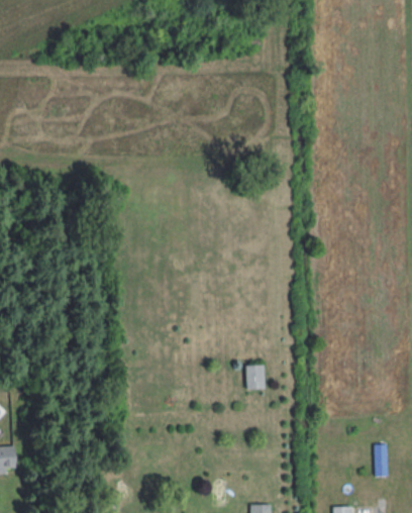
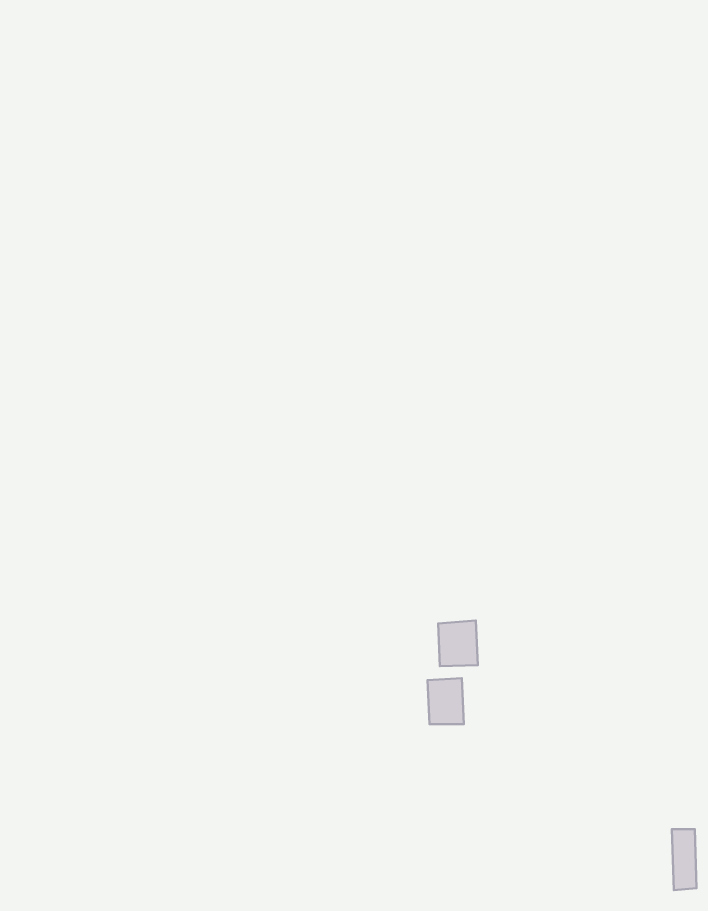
building: none -> [438,621,478,666]

